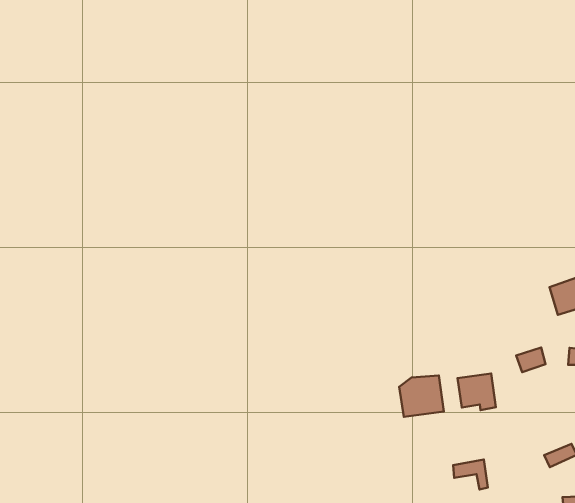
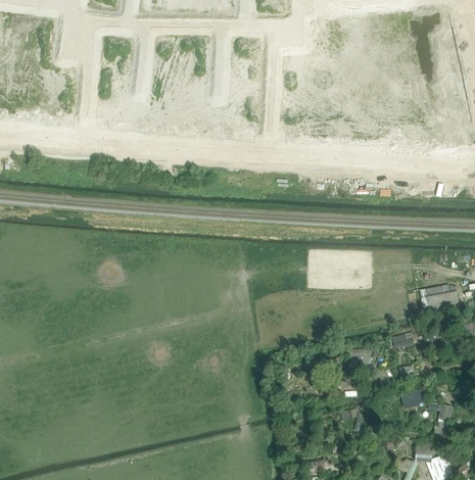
building: [399,376,444,417] -> none

